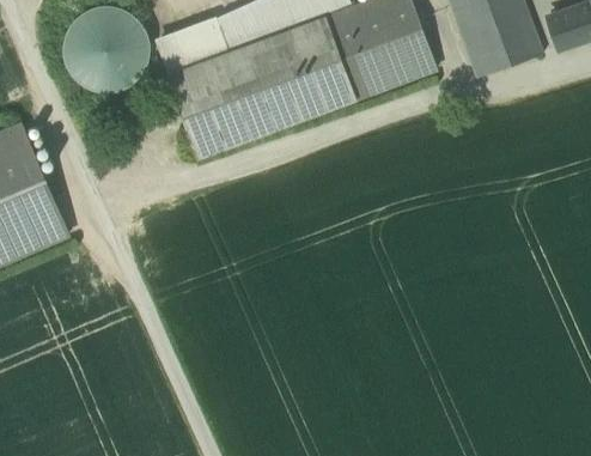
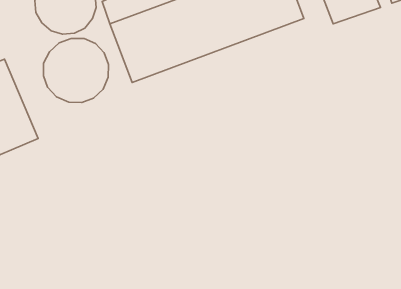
building: none -> [43,39,108,102]

